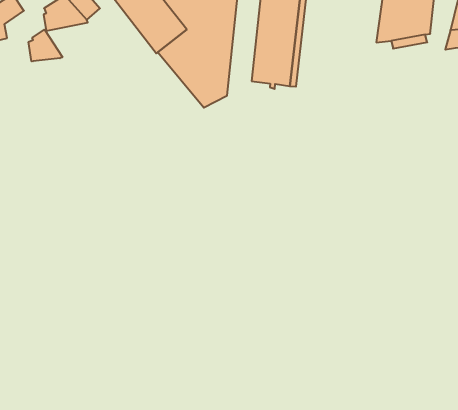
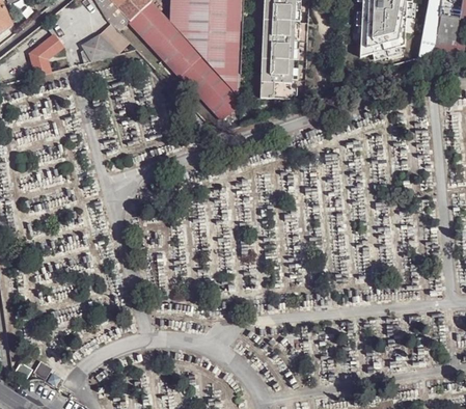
building: [29,30,62,61] -> none

